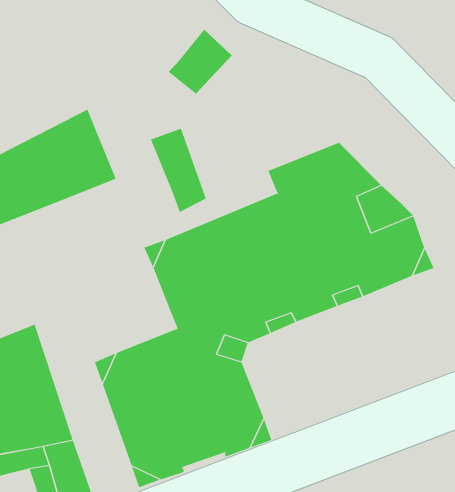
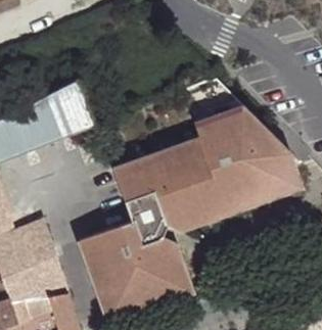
building: [168,29,232,94] -> none
building: [150,128,206,213] -> none

